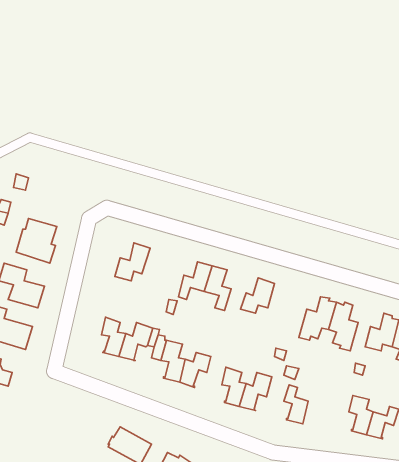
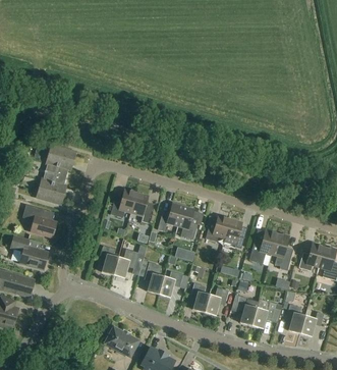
building: none -> [45,144,76,176]
building: none -> [130,193,153,224]
building: none -> [223,219,244,249]
building: none -> [251,300,276,328]

